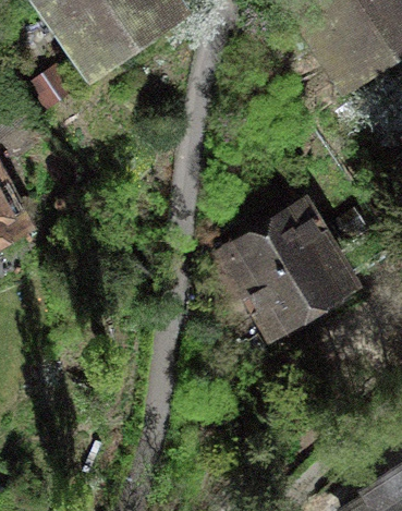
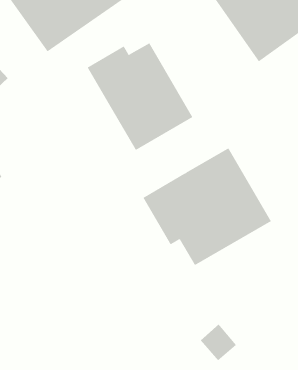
building: none -> [87,43,193,151]

